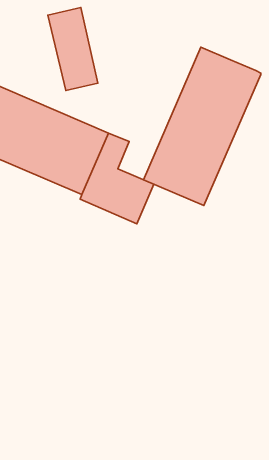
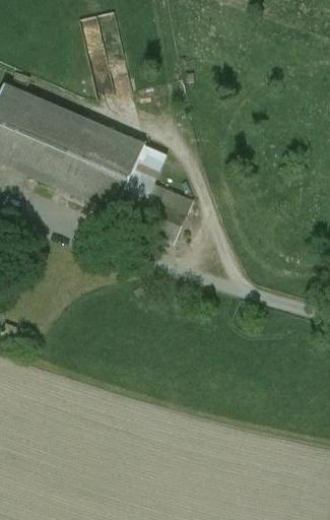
building: [144,47,261,206] -> none

